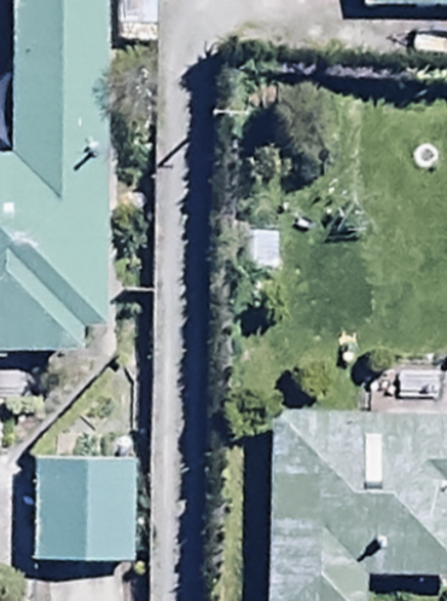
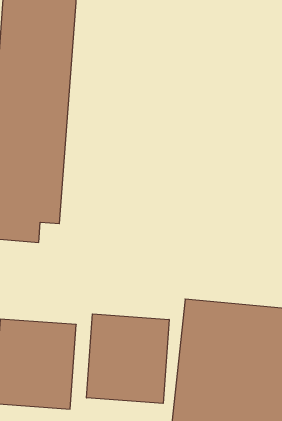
building: none -> [87,314,169,403]

